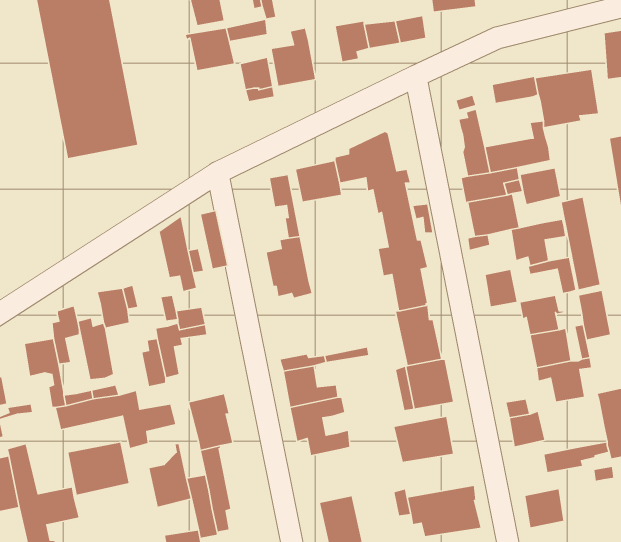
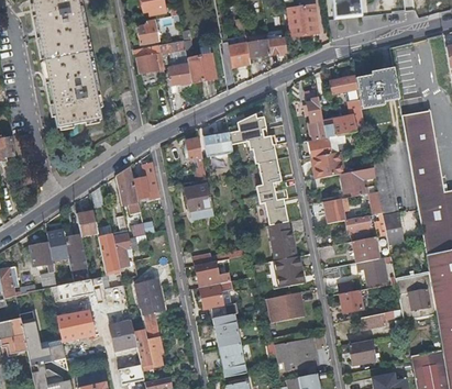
building: [520,168,561,205] -> none
building: none -> [212,313,239,347]

